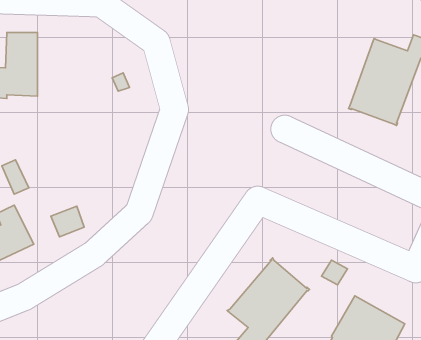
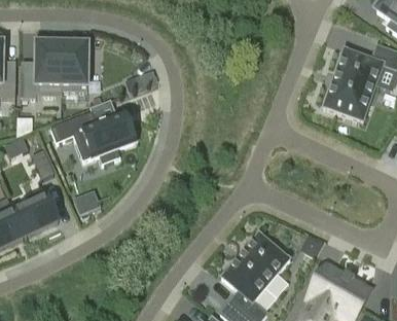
building: none -> [62,41,88,90]
building: none -> [50,110,135,163]

